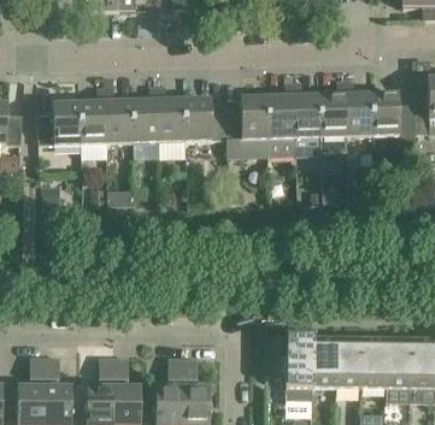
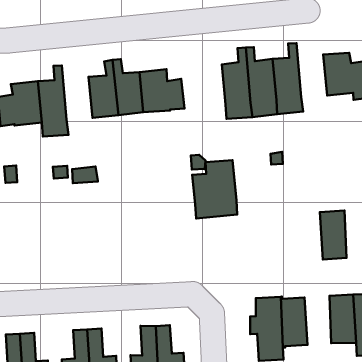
building: [345,81,372,136] -> none
building: [105,88,133,143] -> none
building: [225,98,269,154] -> [192,160,237,218]
building: [336,340,361,388] -> [320,211,347,259]

